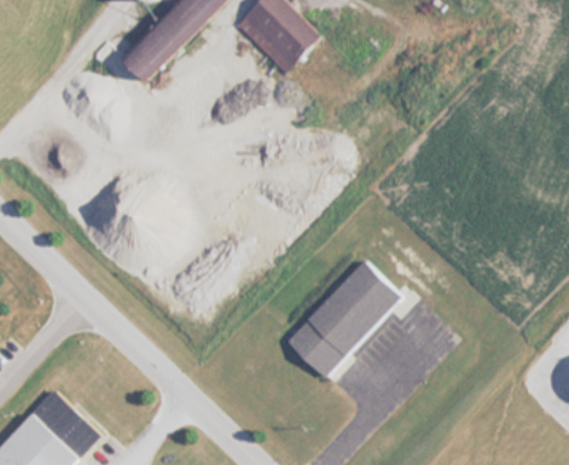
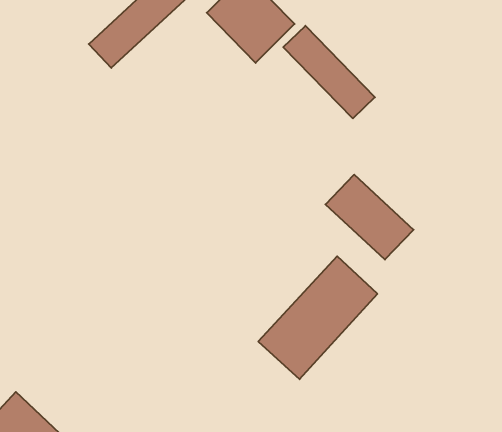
building: none -> [283,26,375,118]
building: none -> [325,175,414,260]

